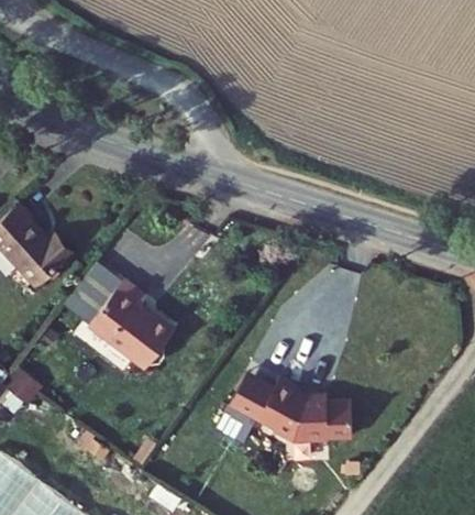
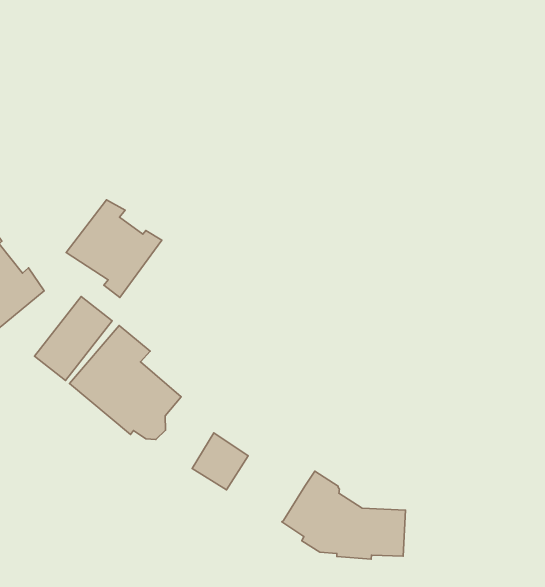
building: none -> [66,200,162,298]
building: [234,375,276,418] -> [192,433,248,490]

